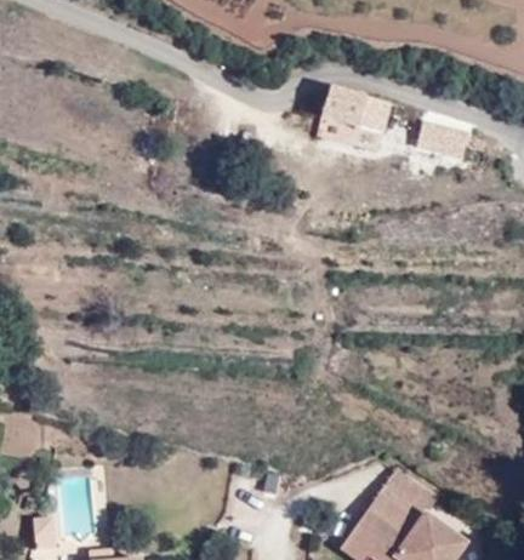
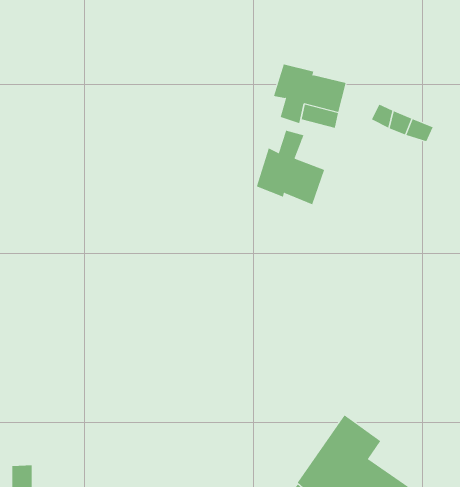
building: none -> [256,130,325,205]

